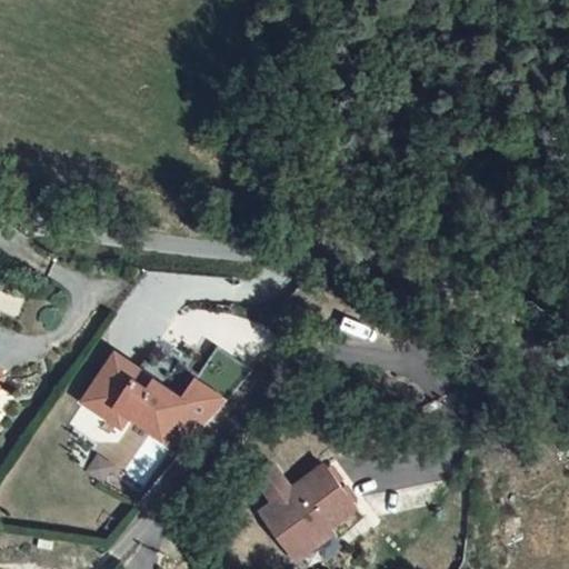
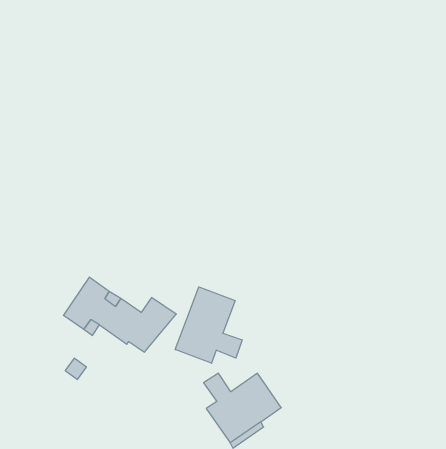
building: none -> [175,287,242,363]

